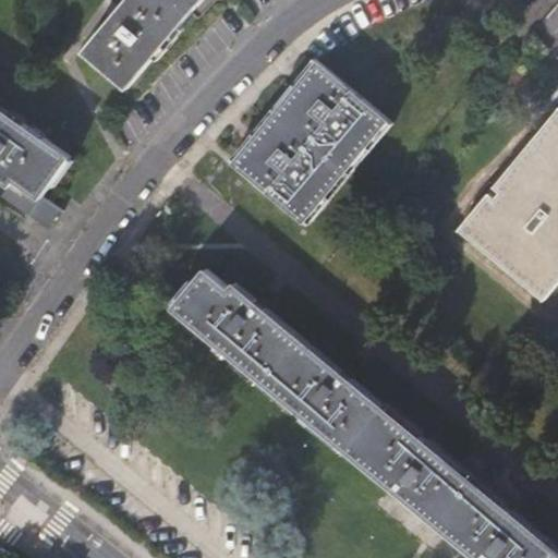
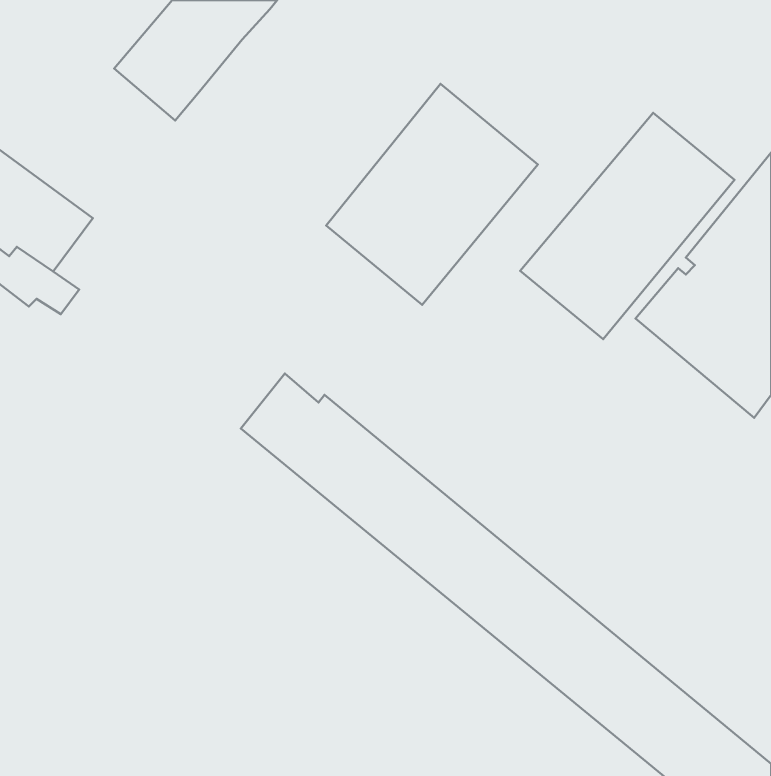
building: none -> [520,113,735,339]

